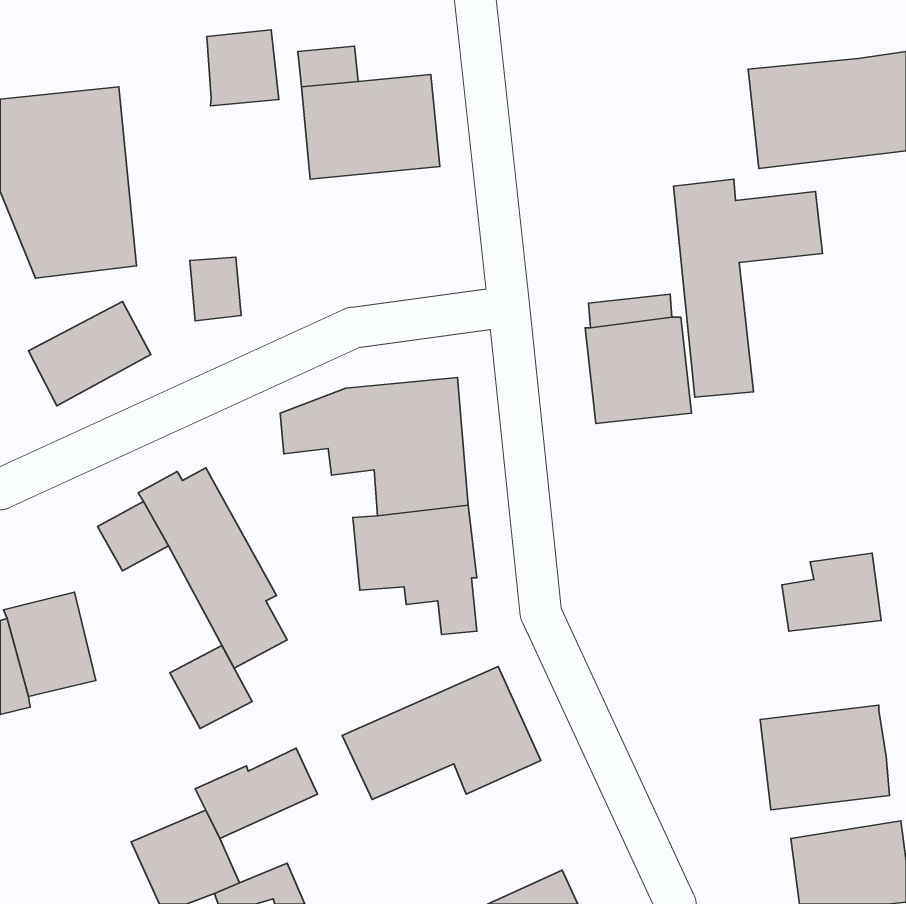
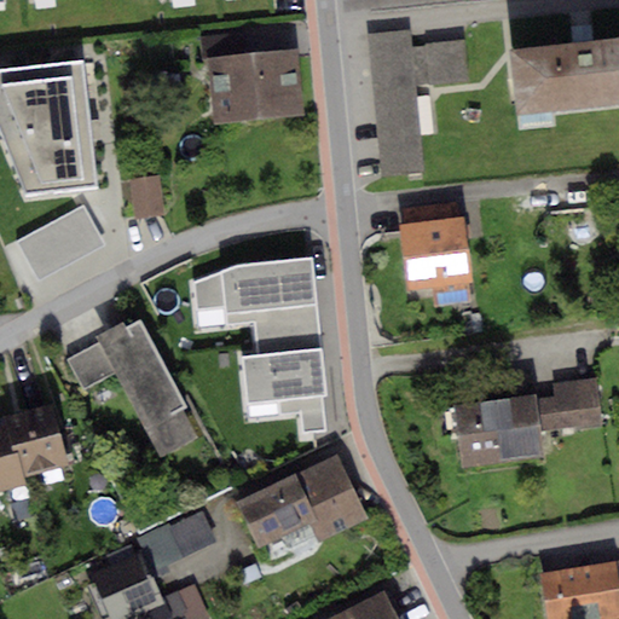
building: [207,30,279,106] -> none
building: [674,179,822,397] -> [369,29,470,178]
building: [170,646,252,729] -> none
building: [760,705,890,810] -> [452,395,540,467]

